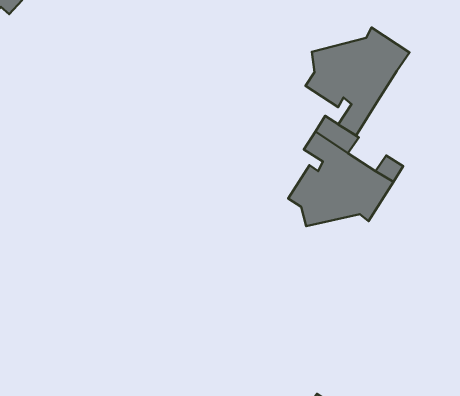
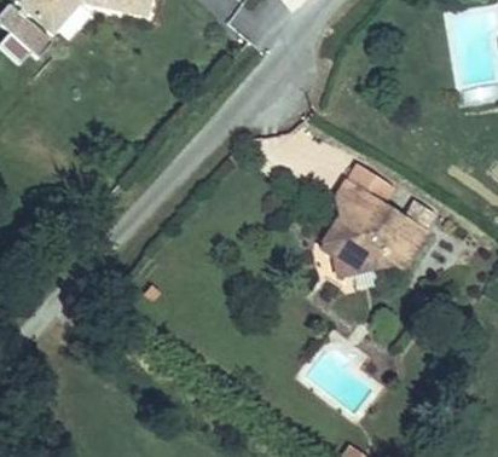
building: [305,27,410,135] -> none

